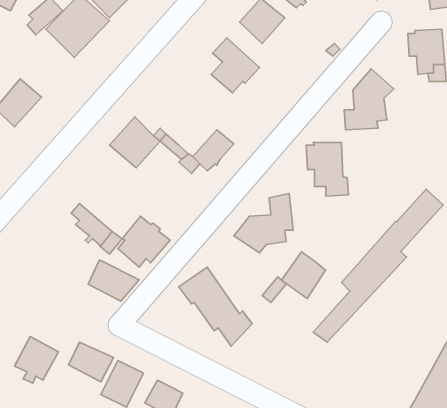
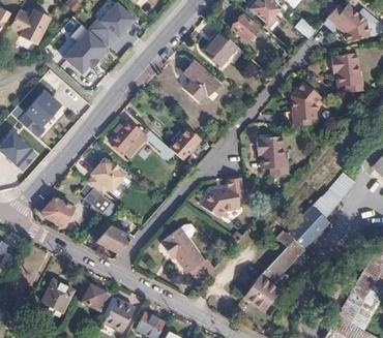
building: [118,216,170,267] -> [88,158,126,195]
building: none -> [43,197,75,225]
building: [282,252,325,299] -> [244,276,276,310]

